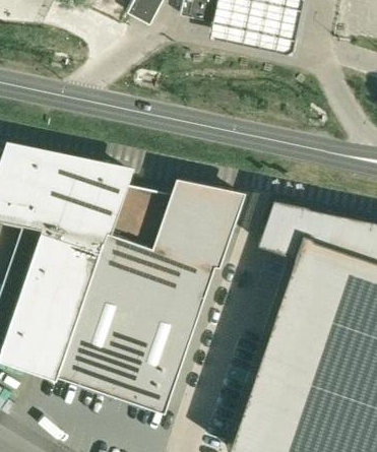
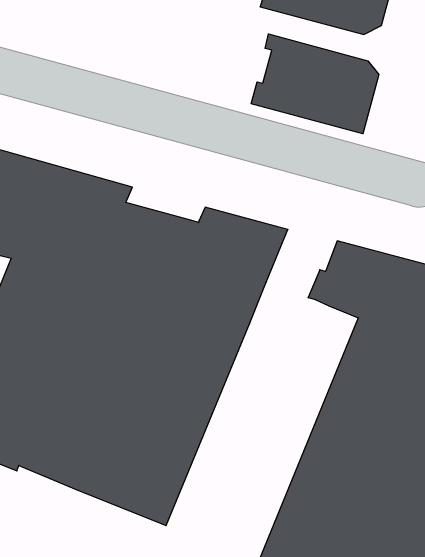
building: none -> [251,34,379,134]

